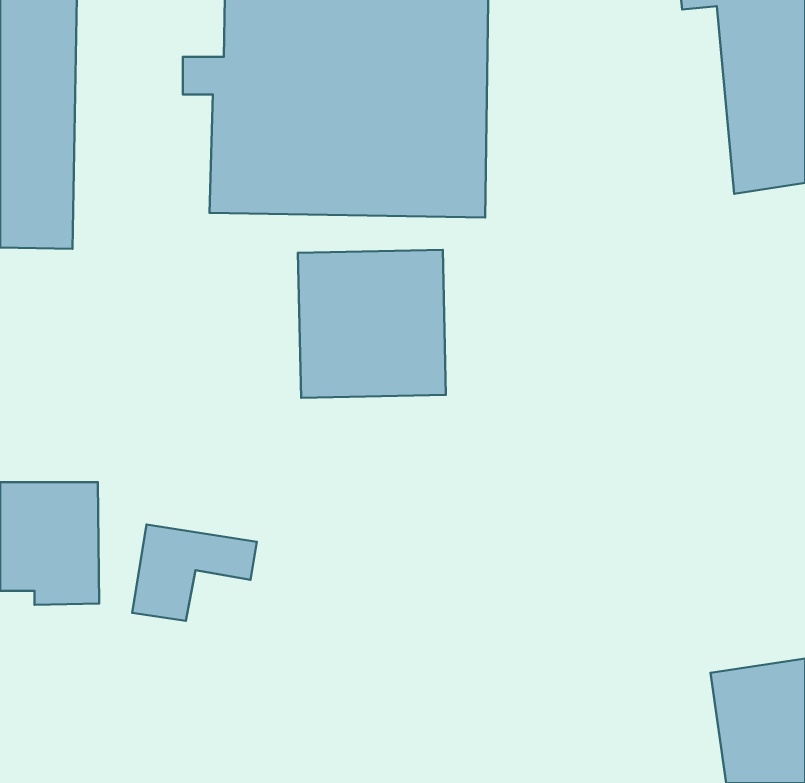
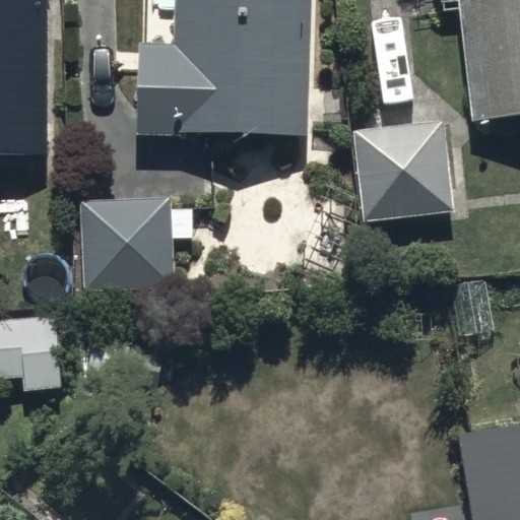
building: none -> [349,117,454,218]
building: [298,250,446,398] -> [80,195,176,290]

